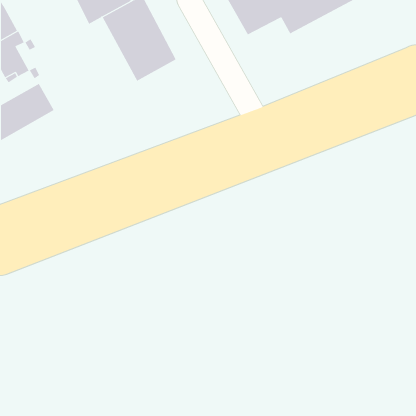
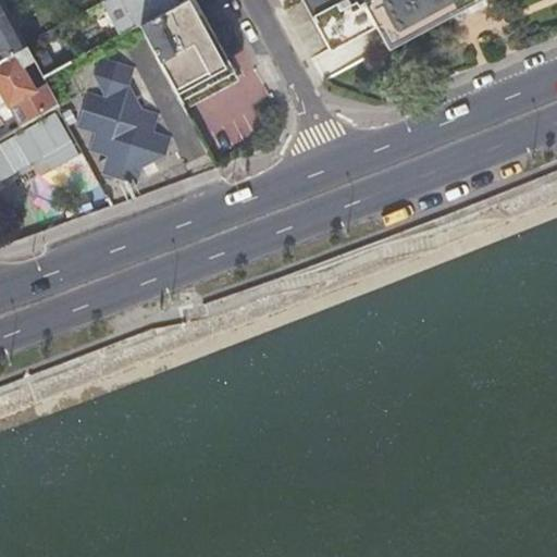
building: none -> [82,60,165,176]

